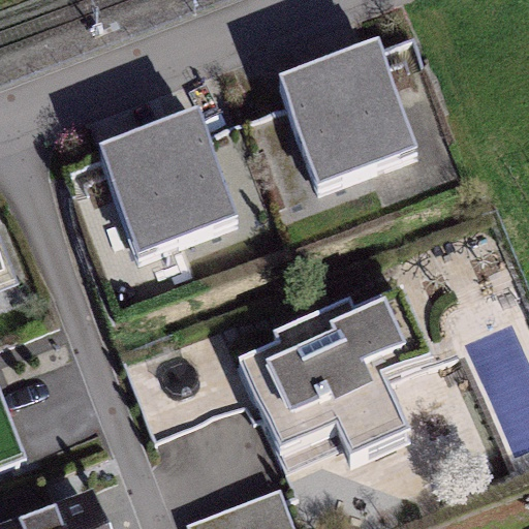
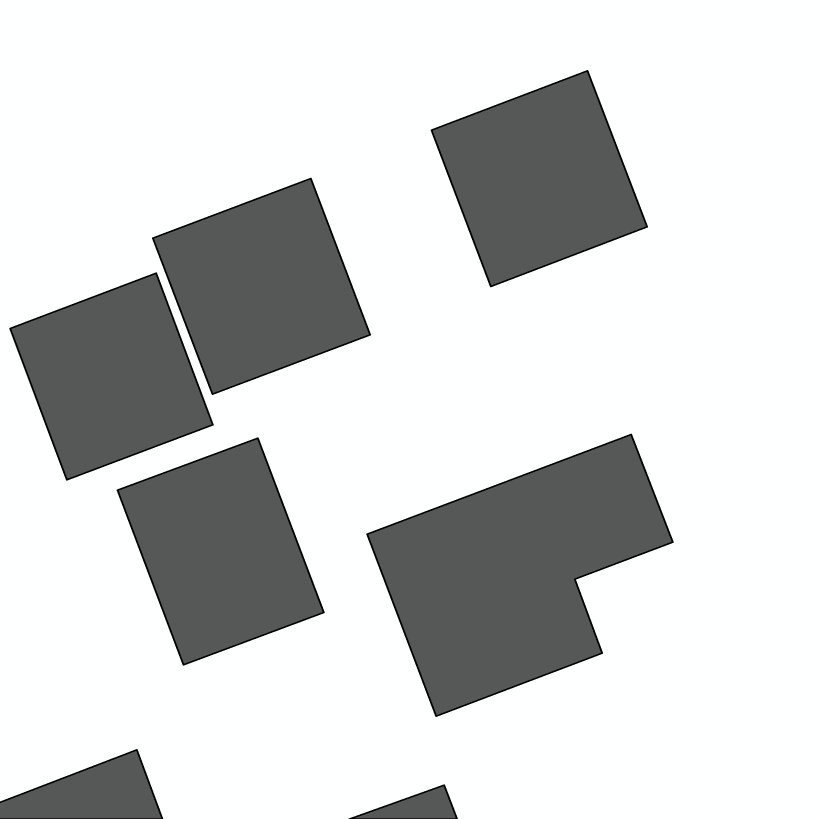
building: none -> [10,273,213,480]
building: none -> [118,438,324,665]

